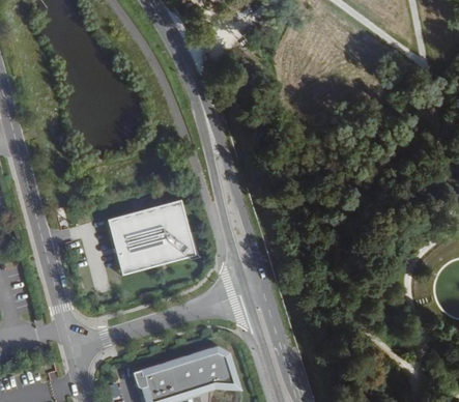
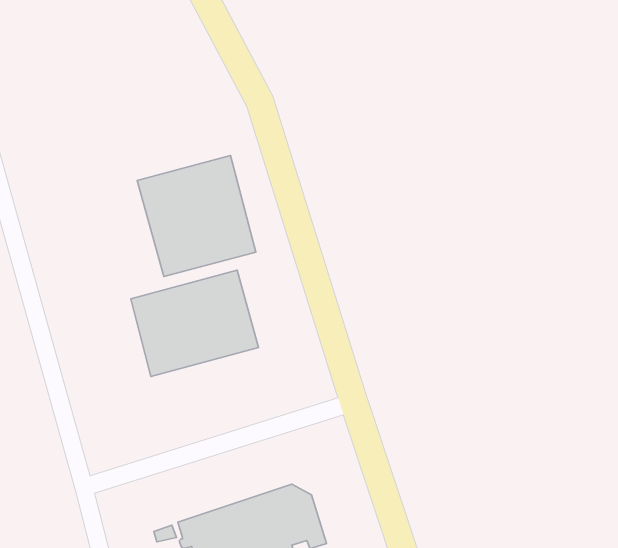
building: none -> [137,156,256,276]

